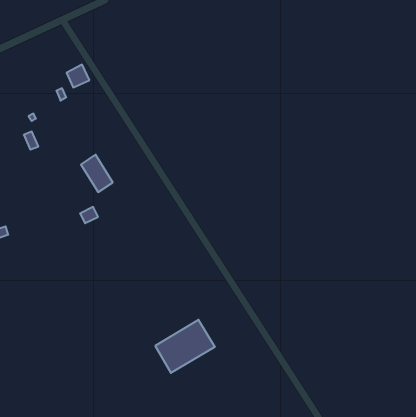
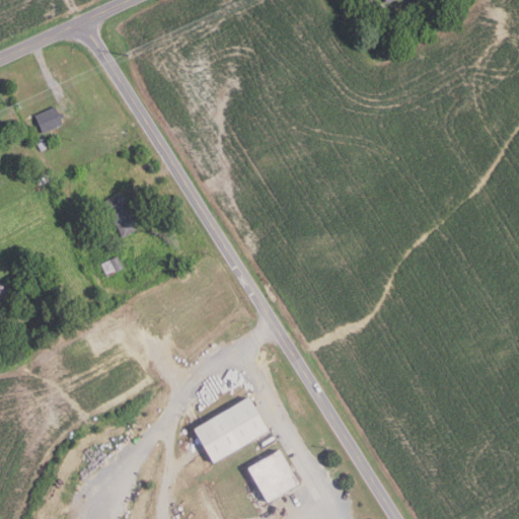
building: [67,65,89,87] -> [33,106,62,135]
building: none -> [247,450,298,503]

